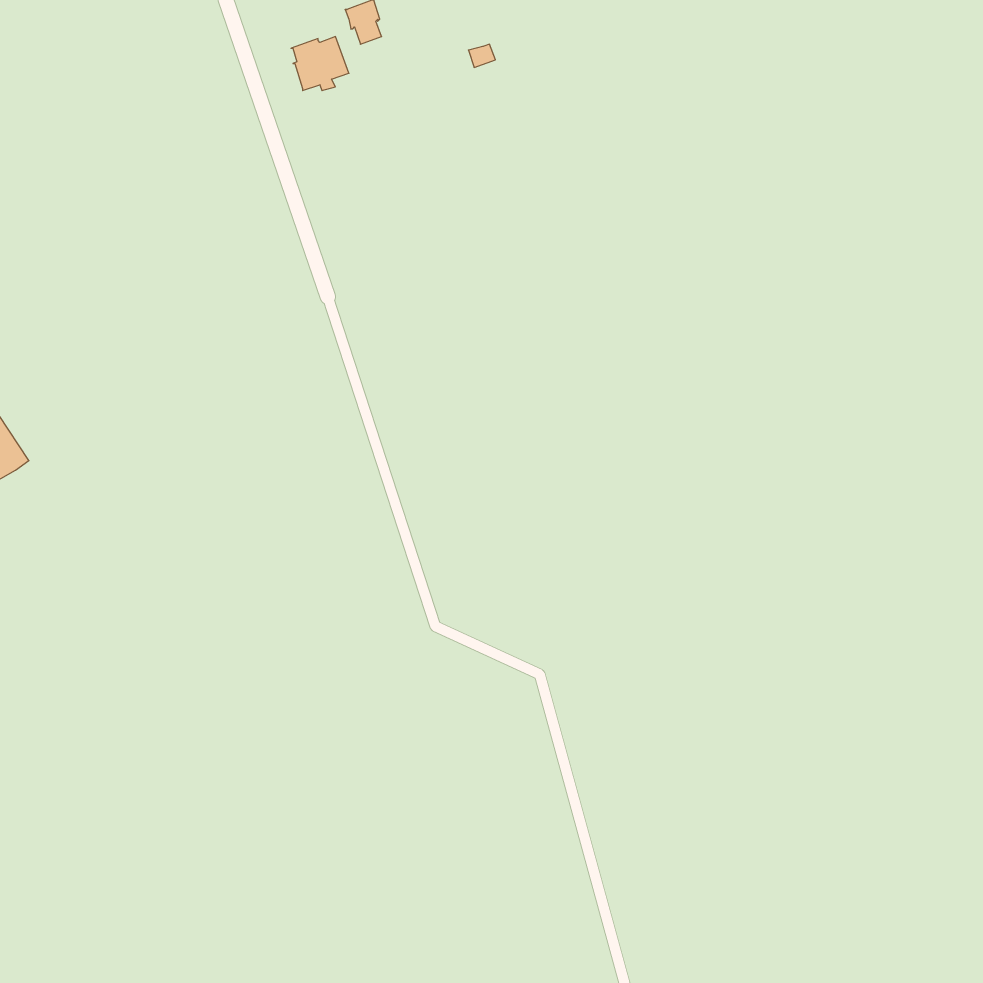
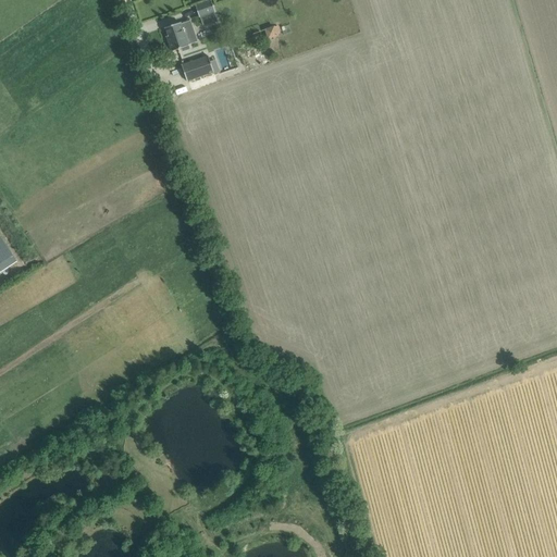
building: none -> [181,55,213,81]

